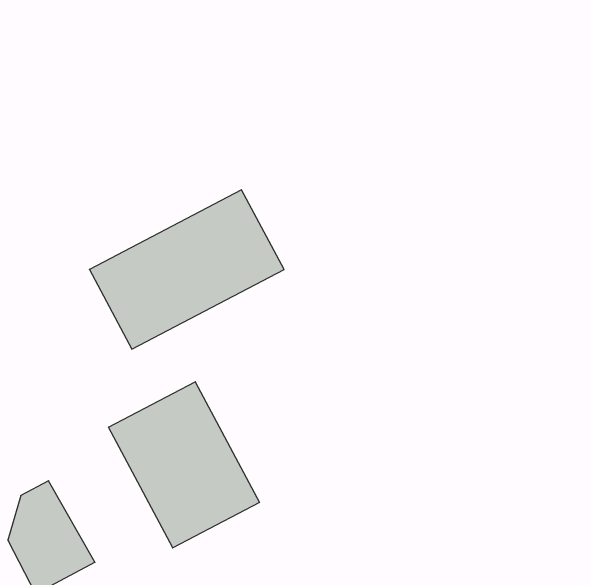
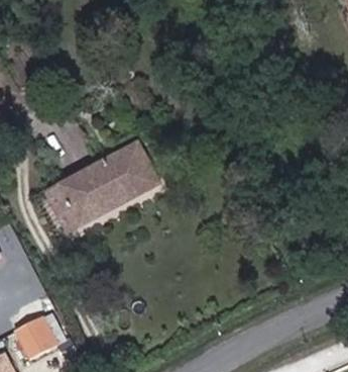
building: [109,382,259,548] -> none

